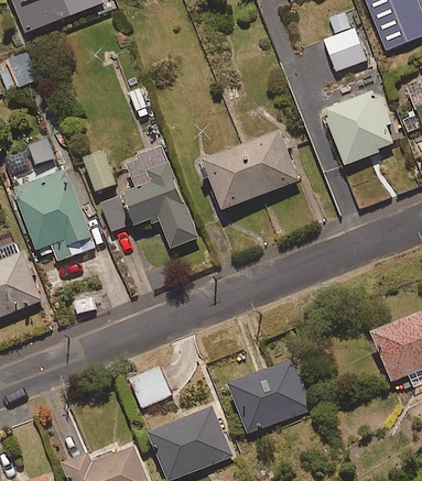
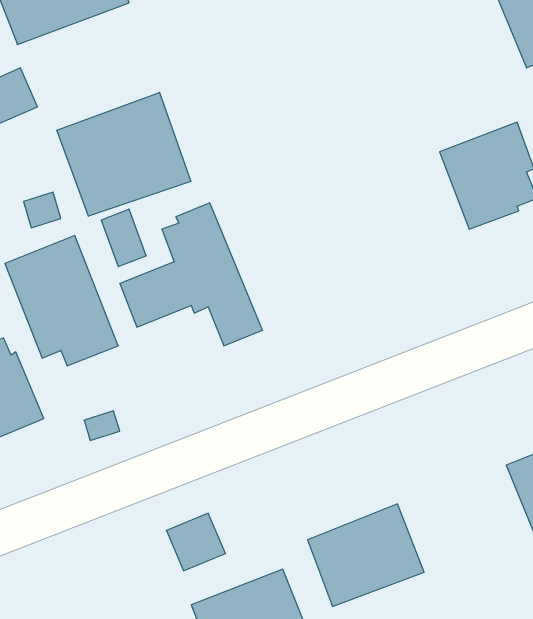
building: [323,26,366,69] -> none
building: none -> [57,92,191,216]
building: [202,130,299,209] -> none

